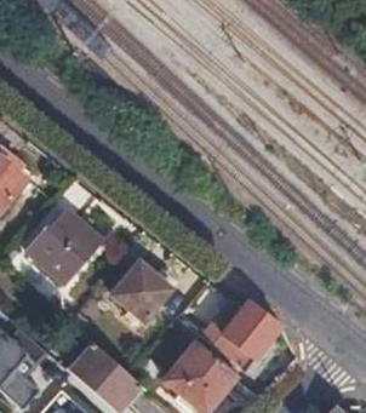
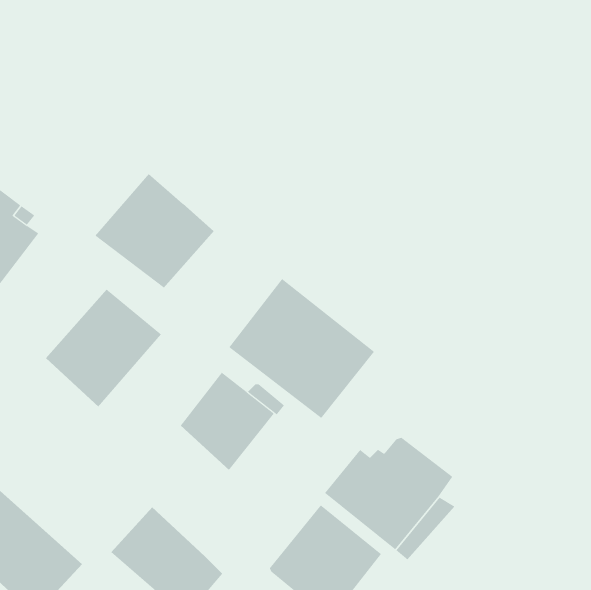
building: none -> [95,173,214,288]
building: none -> [228,278,375,419]

